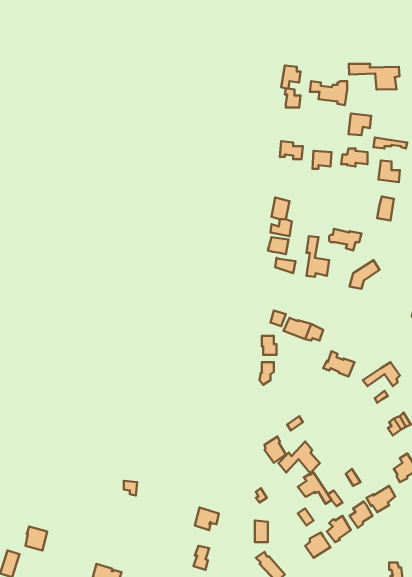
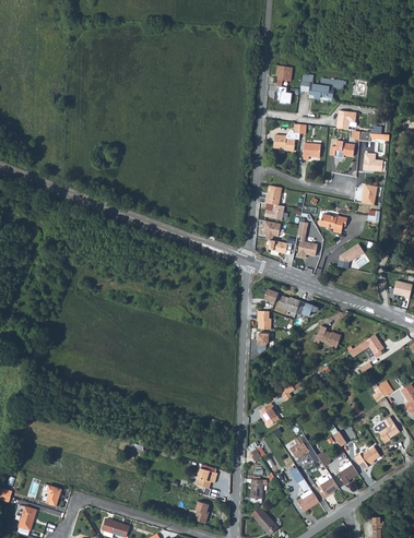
building: [349,64,399,90] -> none
building: [279,442,320,473] -> none

